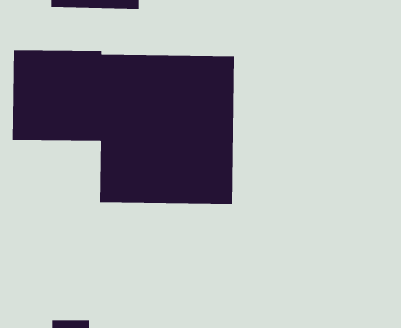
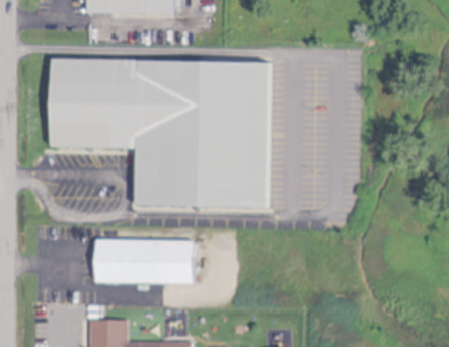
building: none -> [93,241,192,285]

